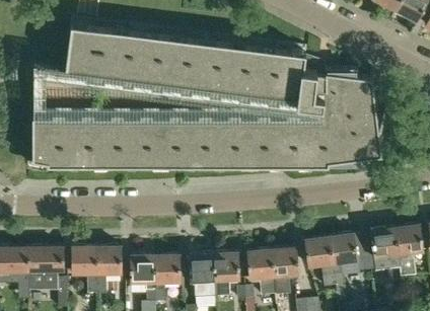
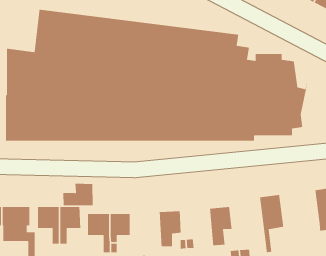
building: none -> [63,183,93,206]
building: [370,228,401,270] -> none
building: [304,236,337,288] -> none
building: [246,249,276,295] -> none
building: [188,253,215,297] -> none

